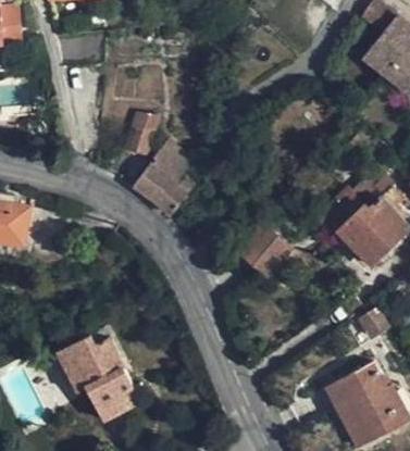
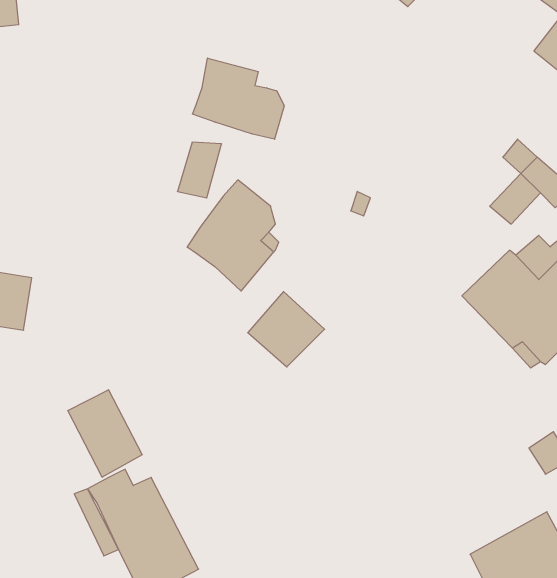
building: none -> [192,58,284,139]
building: [238,227,289,277] -> [248,292,325,367]
building: none -> [68,390,142,477]

